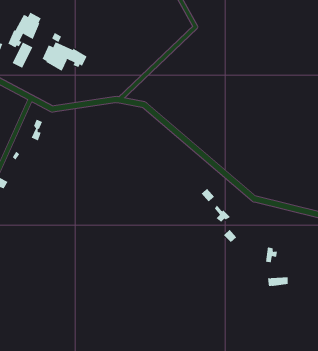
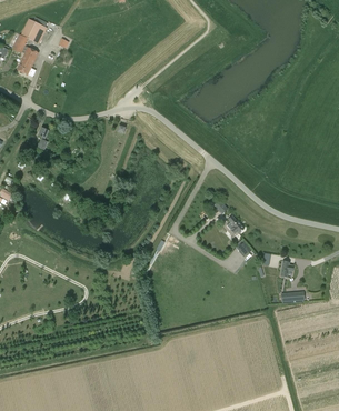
building: [42,41,87,72] -> none

